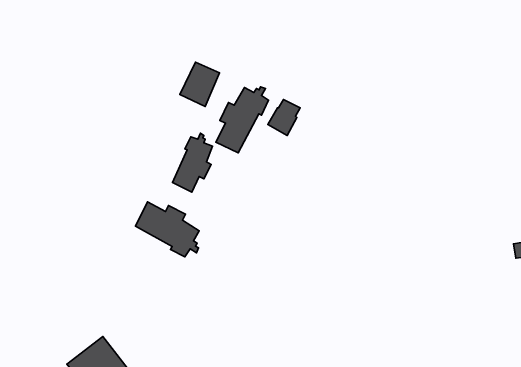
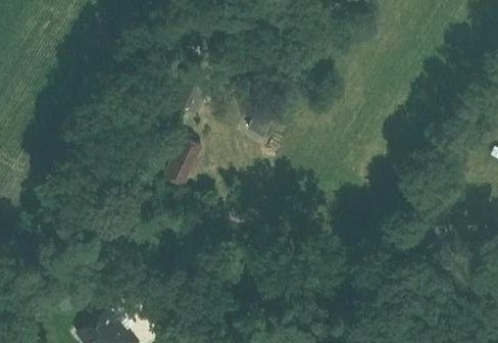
building: [216,87,269,153] -> none
building: [136,202,199,257] -> none

